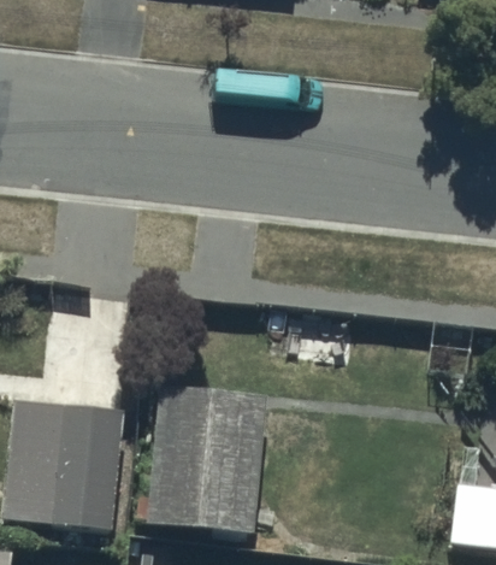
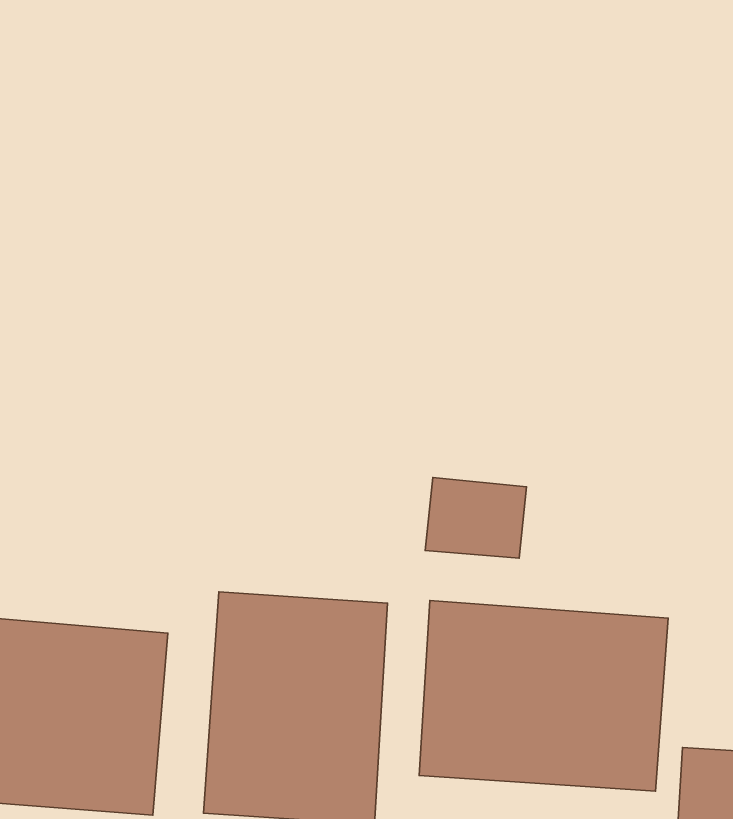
building: none -> [419,600,668,791]

